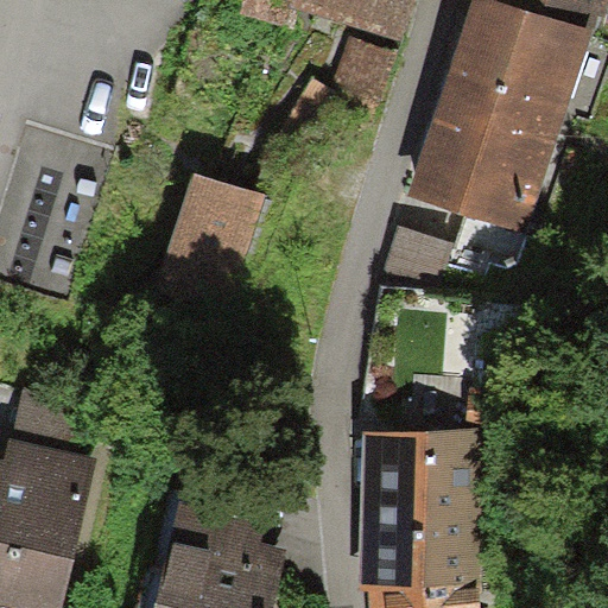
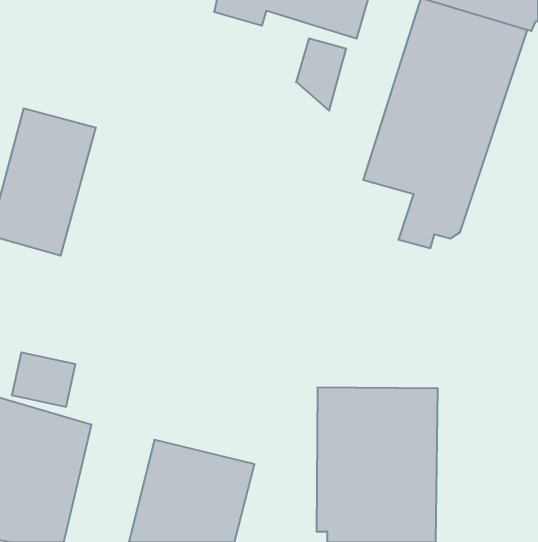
building: [167,180,281,324] -> none

